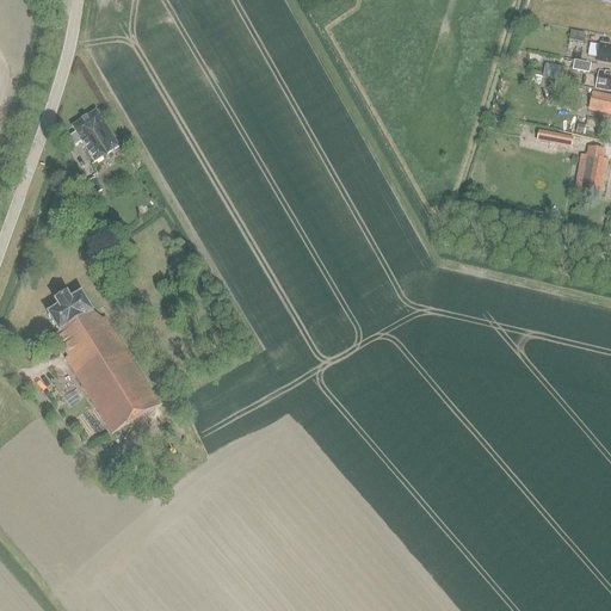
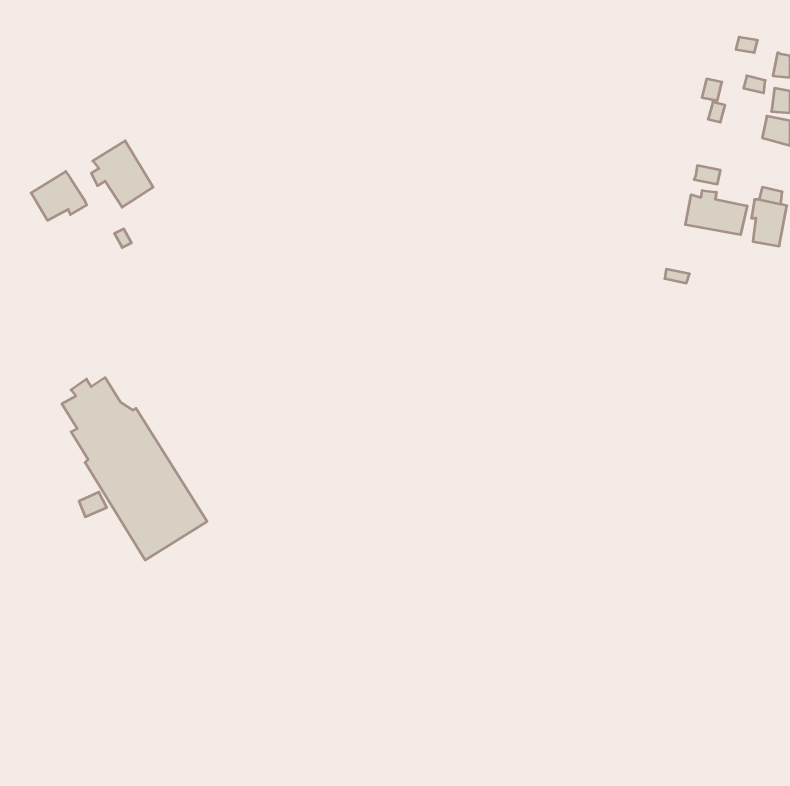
building: none -> [31,171,87,220]
building: none -> [685,190,747,235]

